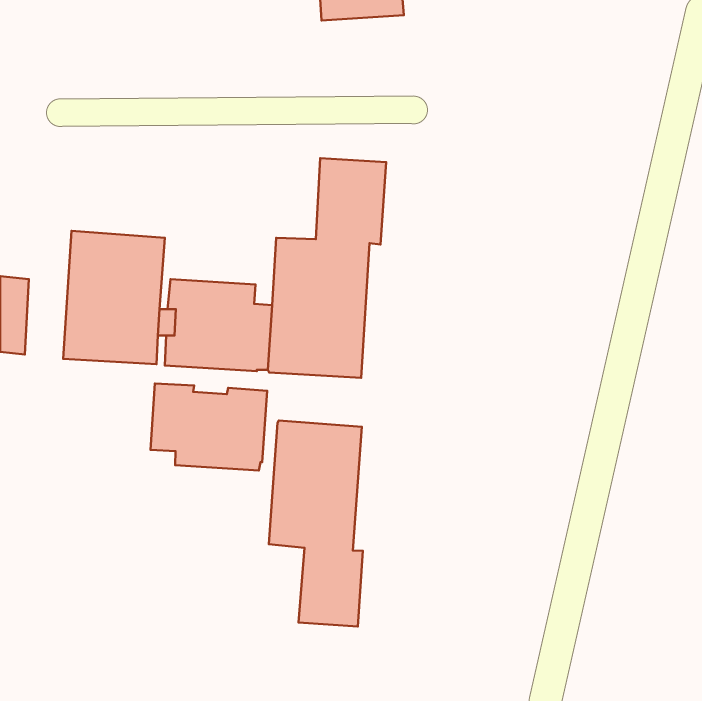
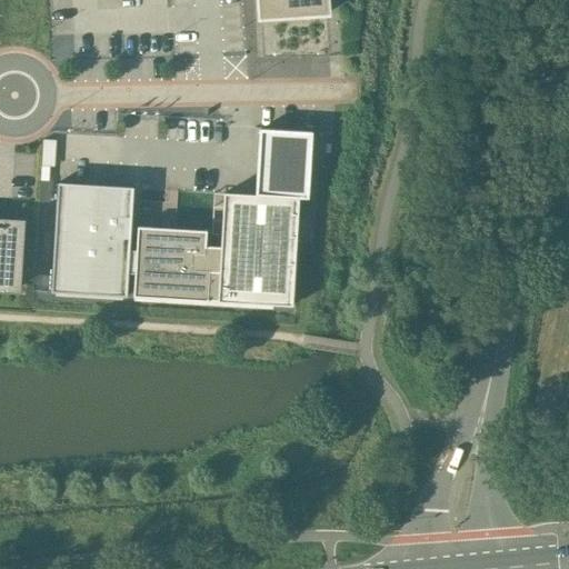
building: [151,384,267,471] -> none
building: [269,421,363,627] -> none

